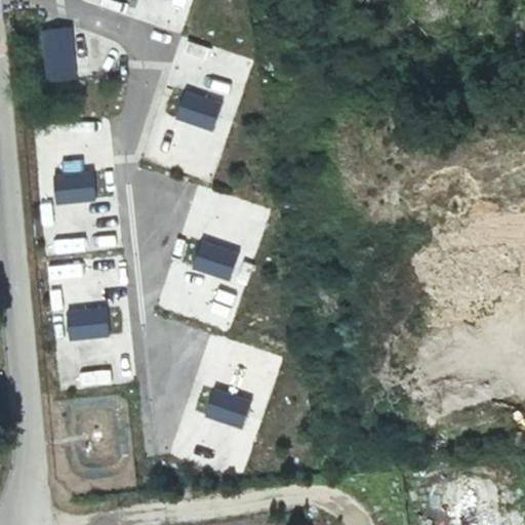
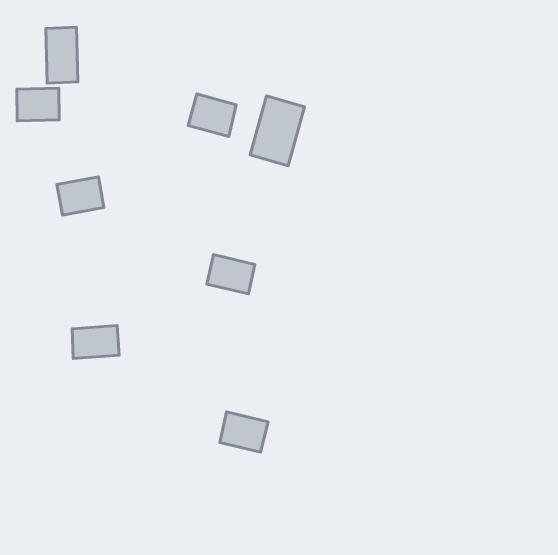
building: none -> [17,88,59,121]
building: none -> [250,96,305,166]

